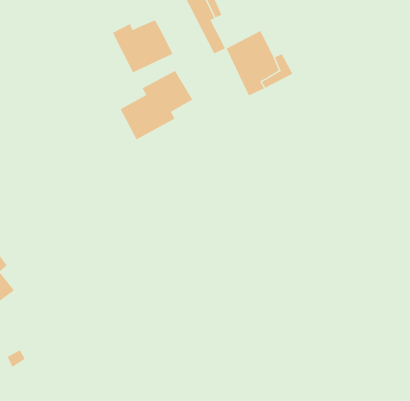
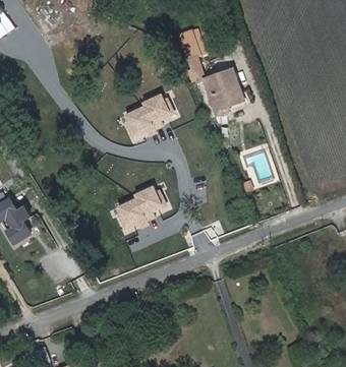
building: [112,20,173,73] -> none
building: none -> [113,184,166,231]

